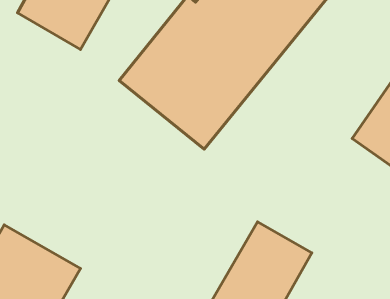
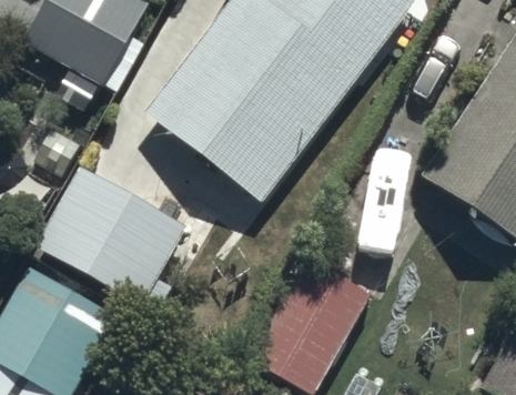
building: none -> [43,179,172,301]

